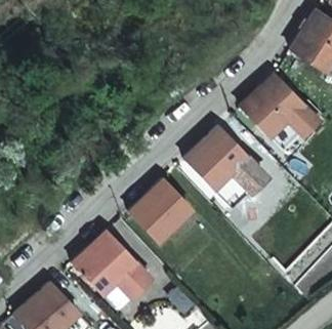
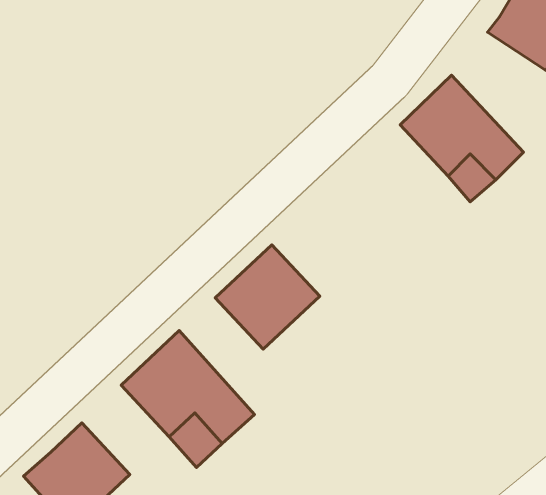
building: [180,122,265,207] -> none

